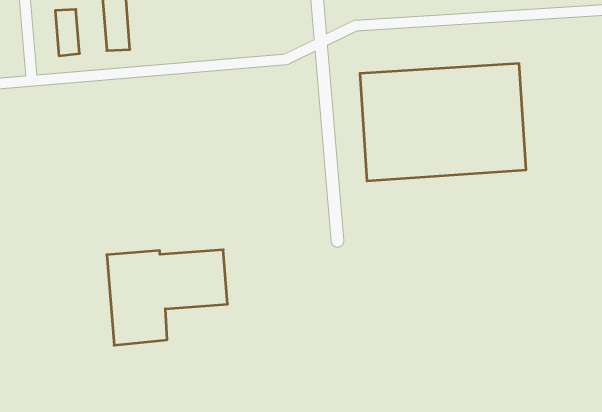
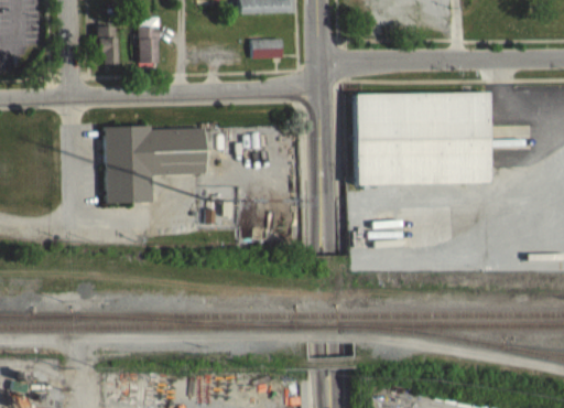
building: none -> [252,39,282,58]
building: [107,250,228,345] -> [105,126,205,204]

